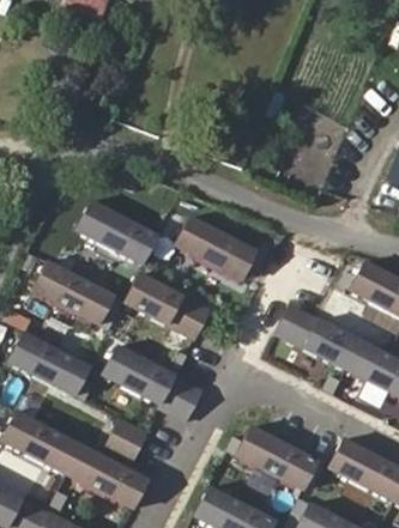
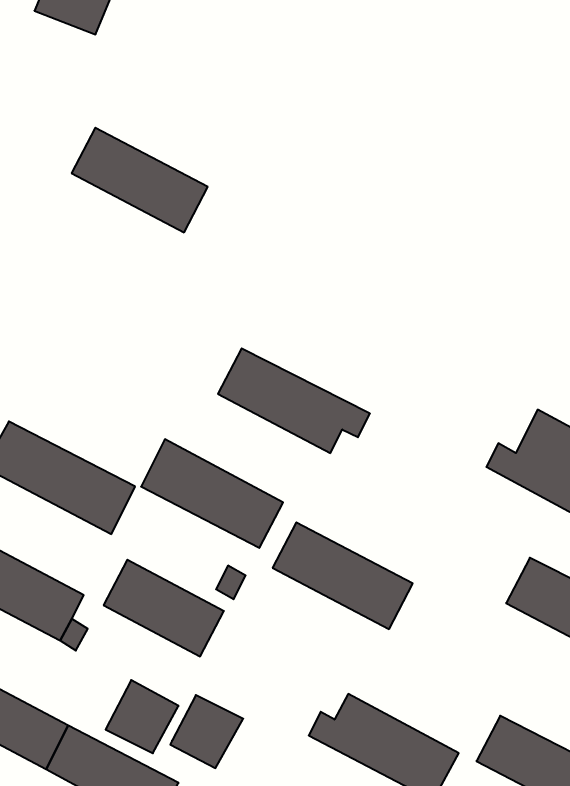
building: [73,199,156,262] -> [72,128,208,232]
building: [276,305,361,370] -> [273,522,413,629]
building: [159,375,204,419] -> [170,695,243,768]

